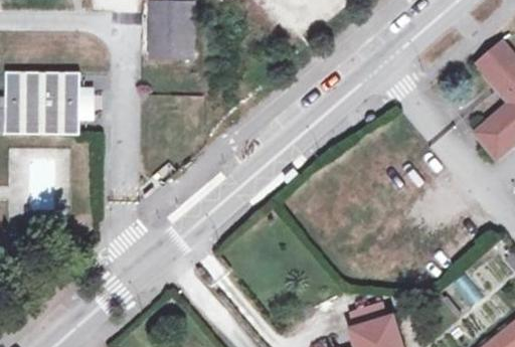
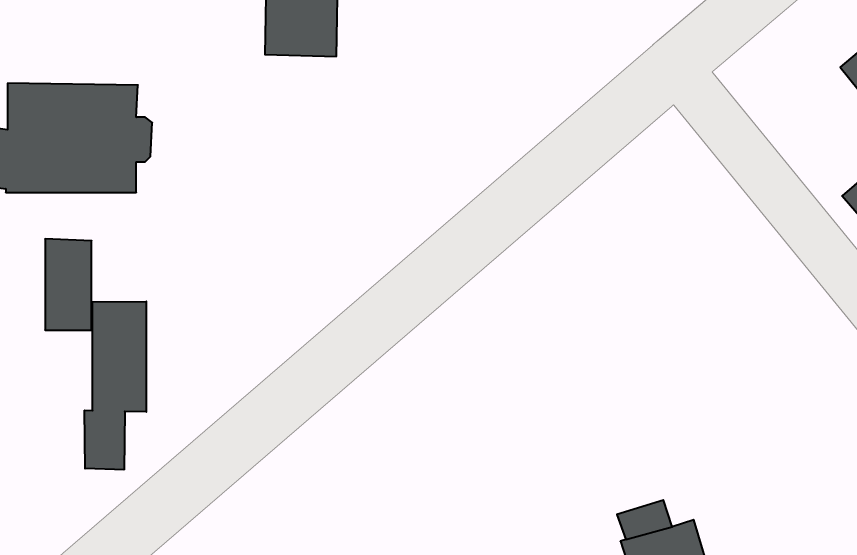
building: none -> [85,301,146,470]

